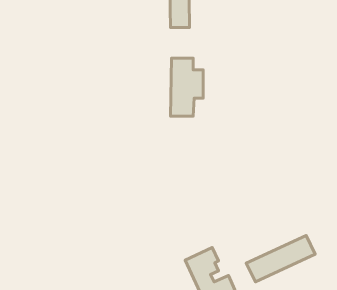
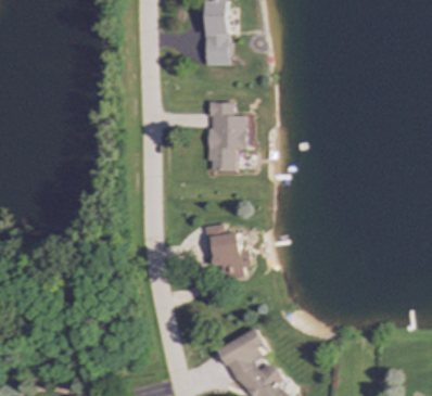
building: none -> [203,223,251,279]
building: [246,235,315,282] -> none

